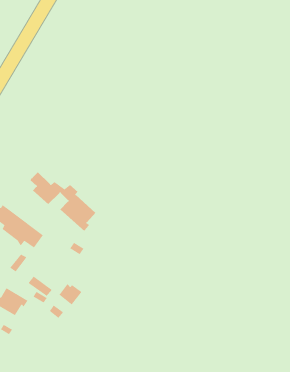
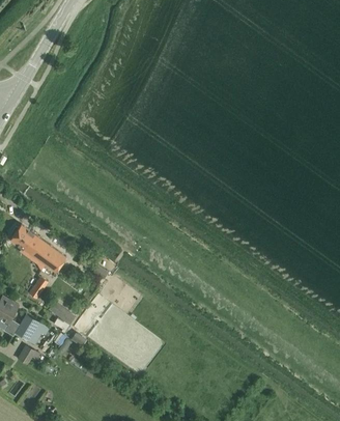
building: [29,172,96,232] -> none

